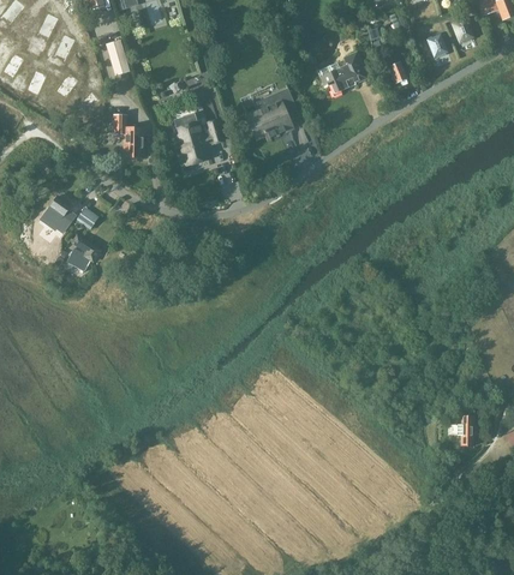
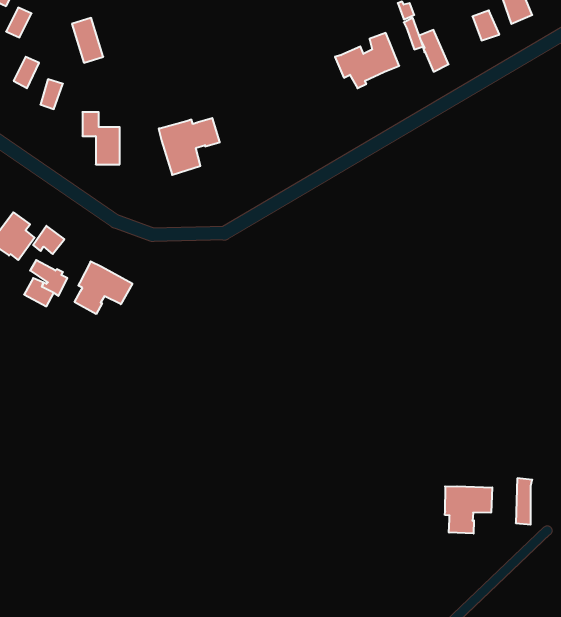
building: [247,89,299,138] -> none
building: none -> [75,261,132,314]
building: none -> [445,486,492,534]

